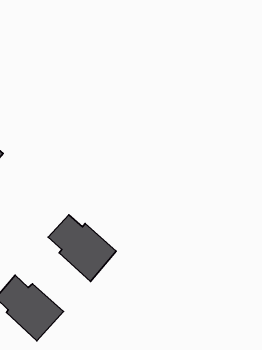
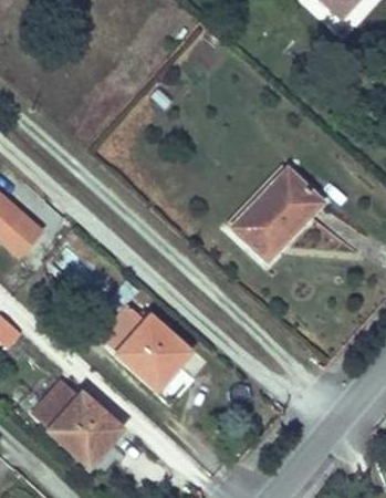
building: none -> [231,168,323,261]

